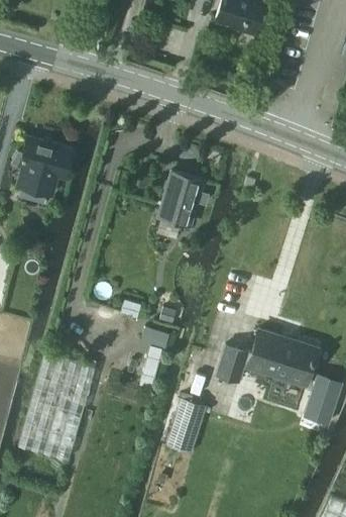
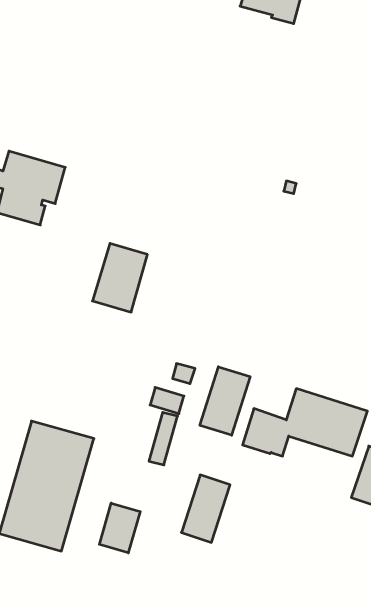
building: [158,171,203,226] -> [92,243,147,312]
building: none -> [200,367,250,435]
building: none -> [99,503,140,553]

